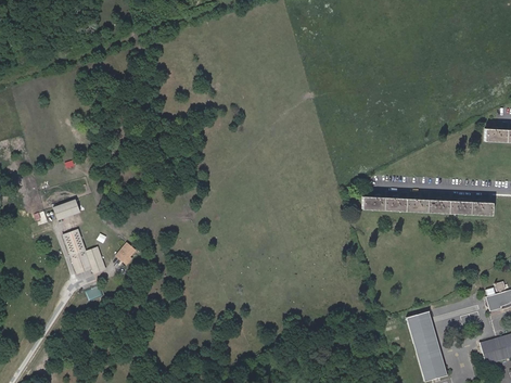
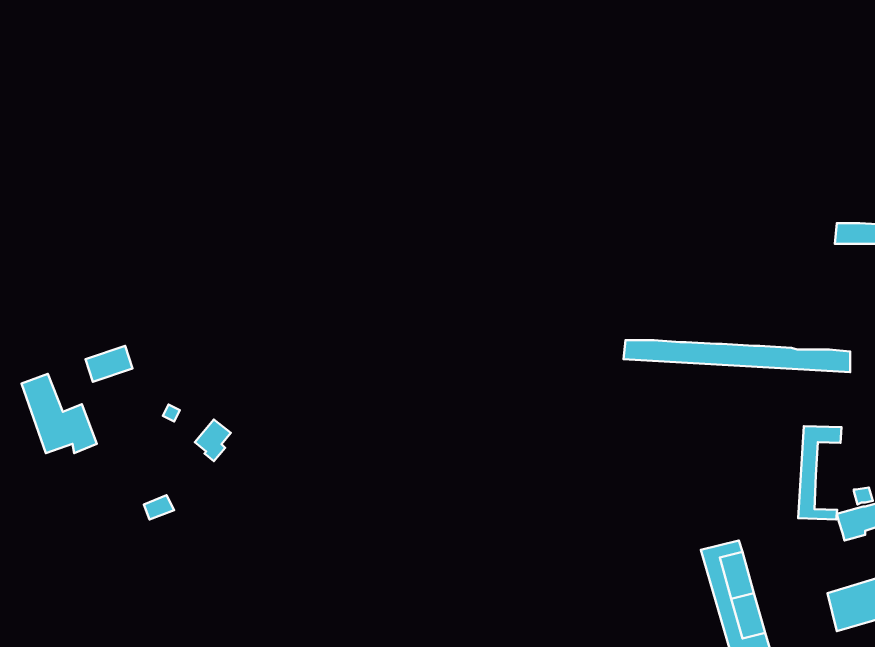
building: [62,229,105,275] -> [21,374,97,453]
building: none -> [798,426,842,519]

